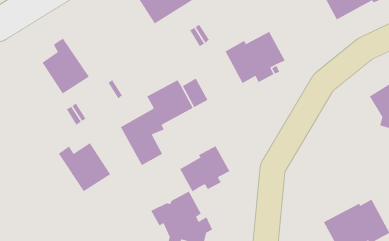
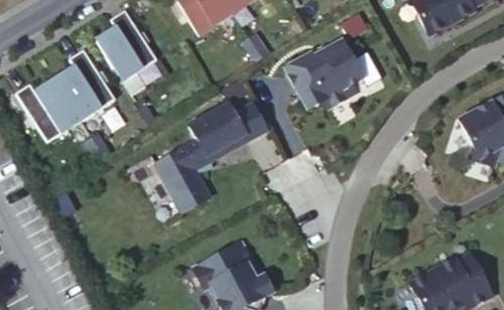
building: none -> [97,11,158,83]
building: [58,142,111,192] -> [16,82,83,144]
building: [179,145,230,193] -> none

